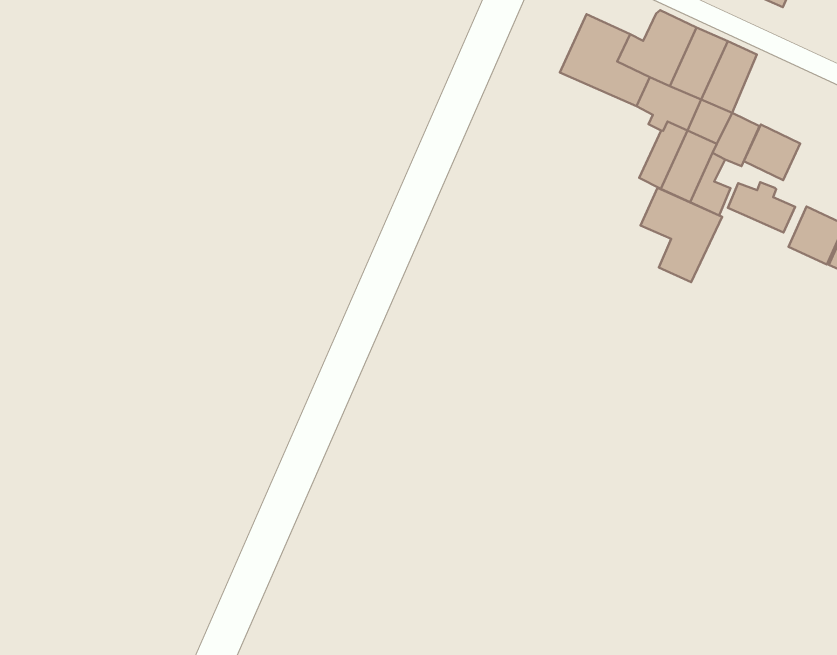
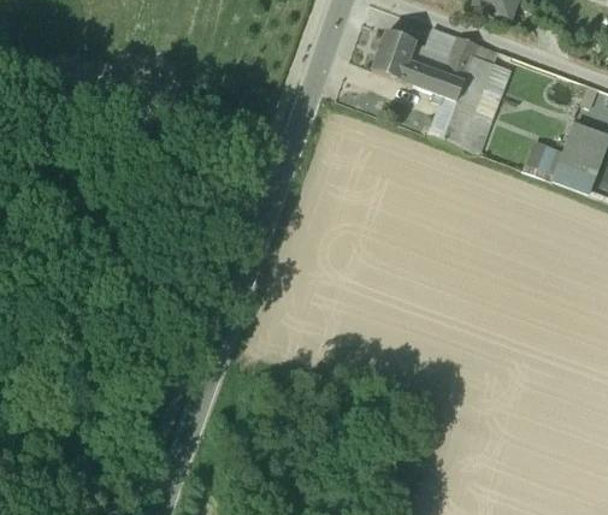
building: [744,124,800,180] -> none
building: [728,182,795,233] -> none
building: [640,188,722,282] -> none

